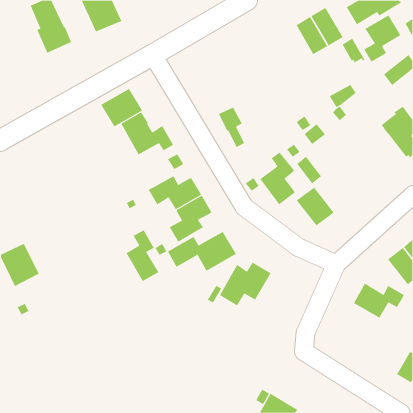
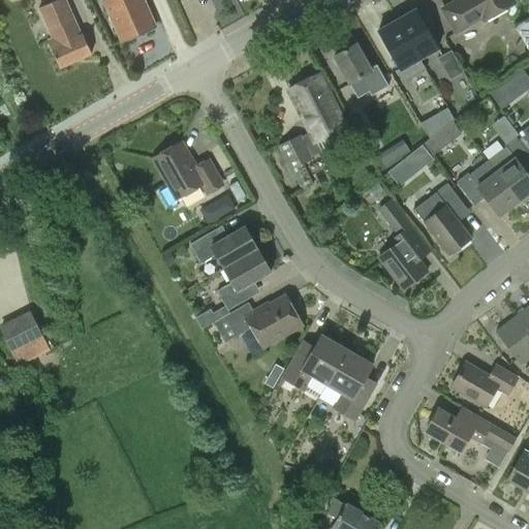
building: [364,15,401,63] -> none
building: none -> [334,43,396,106]
building: none -> [288,74,346,142]
building: [101,88,143,127] -> none
building: none -> [456,172,519,216]
building: [260,152,296,205] -> [425,187,471,255]
building: [126,230,159,282] -> none
building: none -> [326,349,378,422]
building: none -> [426,408,516,452]

